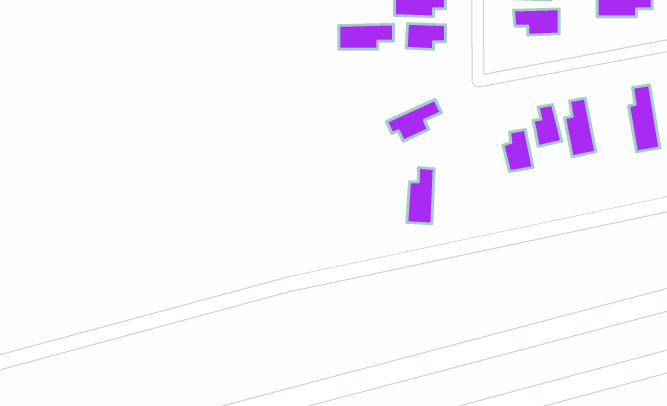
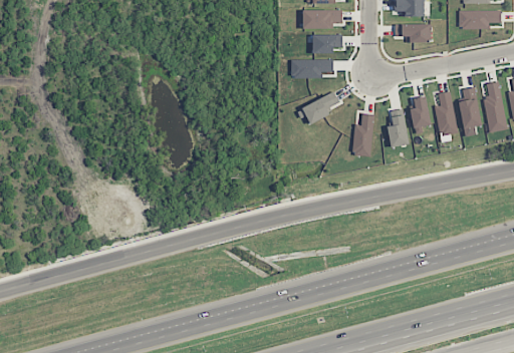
building: [339,24,394,49] -> [291,59,333,78]
building: none -> [460,87,480,136]
building: [407,168,434,224] -> [352,113,373,156]

